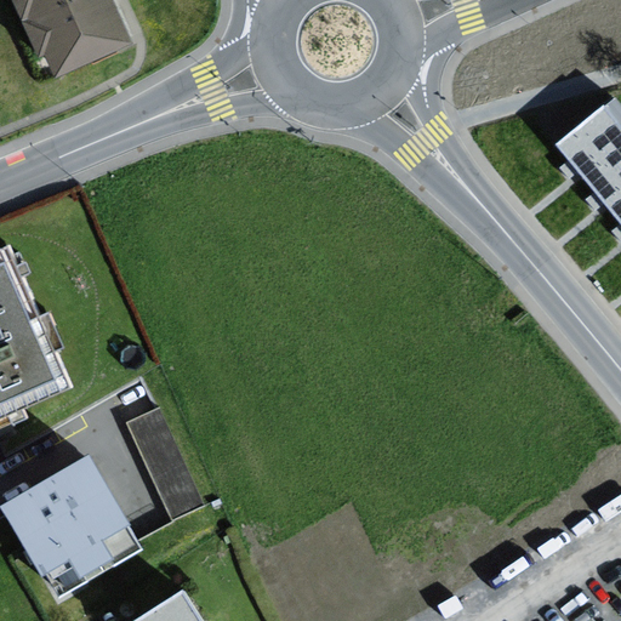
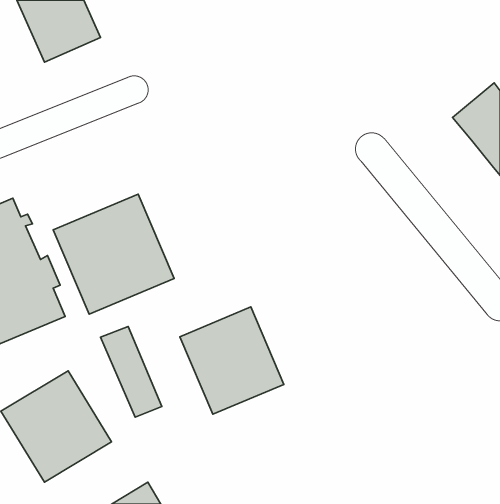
building: none -> [53,194,174,314]
building: none -> [180,307,284,414]

